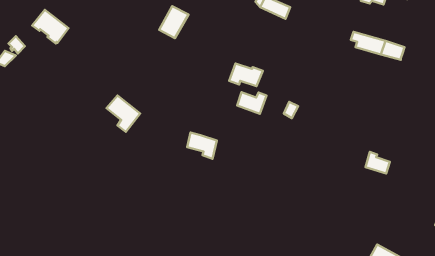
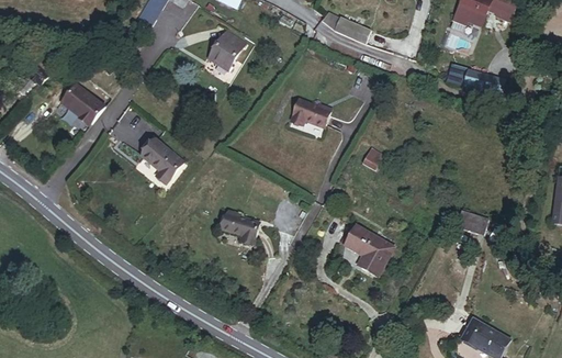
building: [32,10,68,44] -> [57,83,101,124]
building: [237,92,267,114] -> none
building: [187,132,217,159] -> [224,210,260,242]
building: none -> [345,223,394,275]

